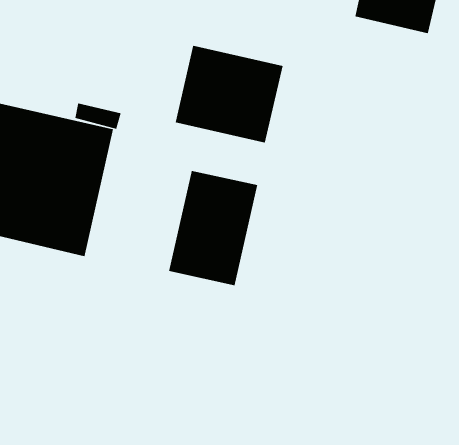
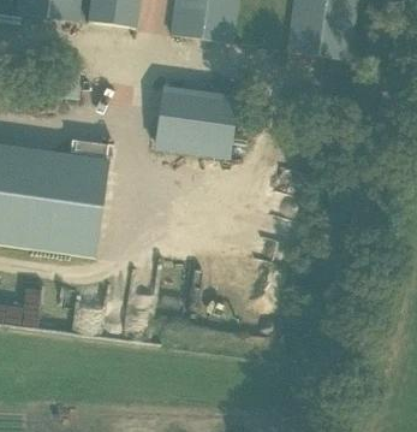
building: [169,170,258,286] -> none

